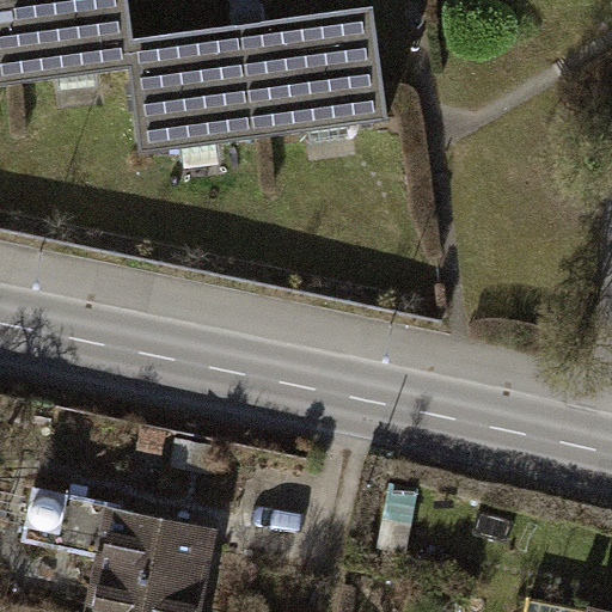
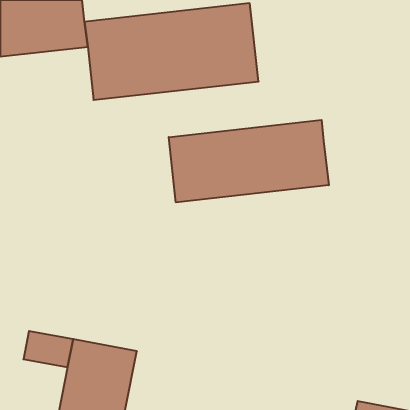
building: none -> [169,120,329,202]

